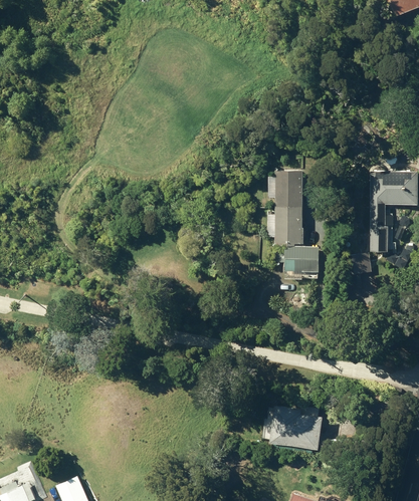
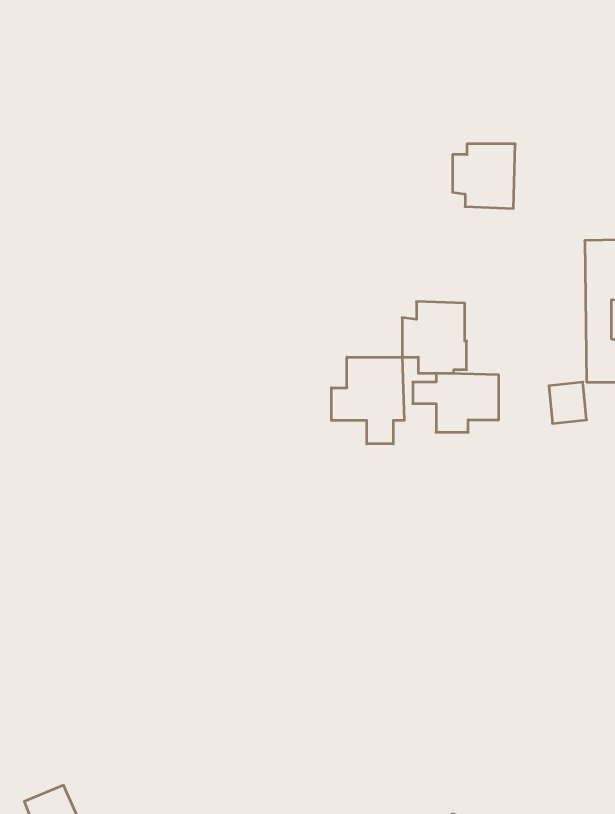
building: [268,171,303,207] -> [453,144,515,208]
building: none -> [331,357,404,444]
building: [272,406,325,450] -> none

